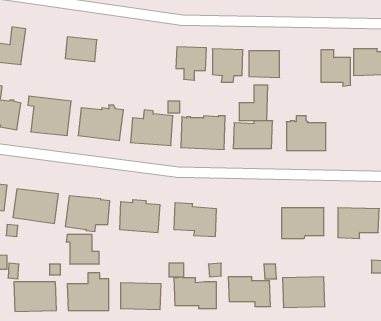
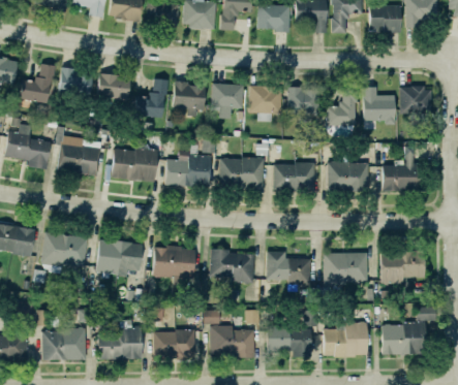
building: none -> [60,70,92,96]
building: none -> [134,78,169,118]
building: none -> [172,81,205,116]
building: [239,85,268,121] -> [327,88,357,125]
building: none -> [381,146,418,191]
building: none -> [267,251,312,284]
building: [67,234,99,264] -> none
building: none -> [381,323,422,355]

